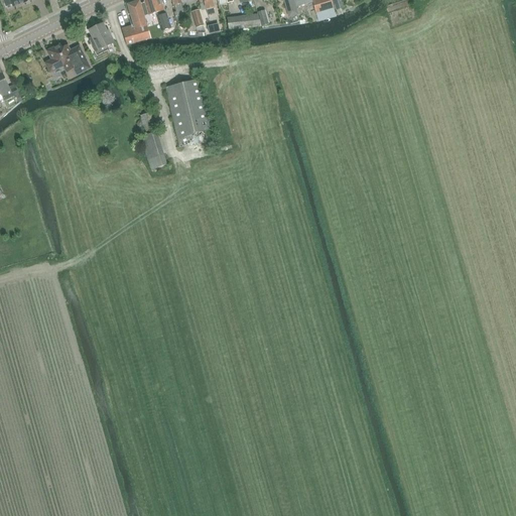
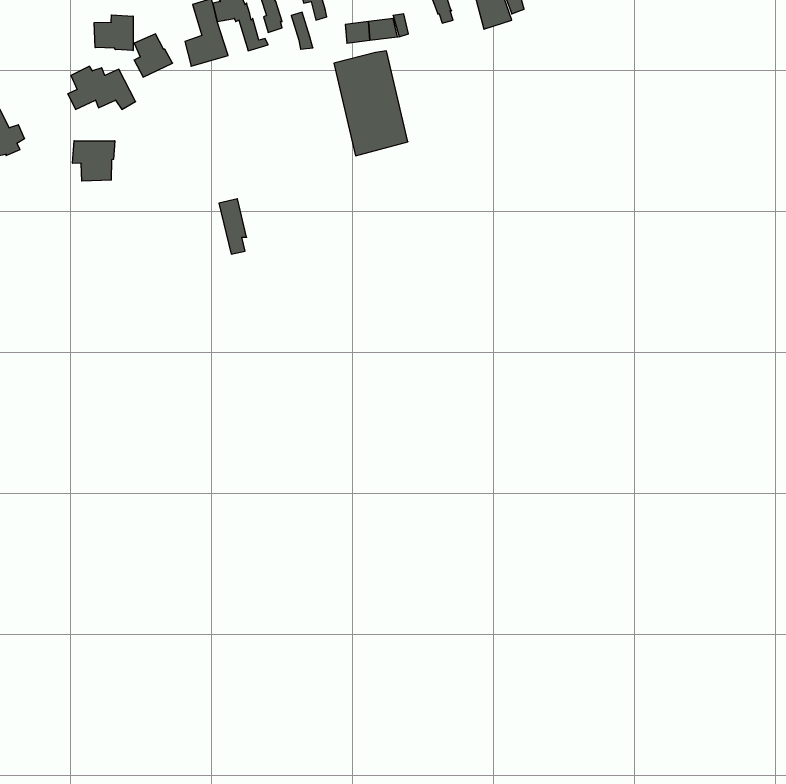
building: none -> [94,15,133,51]
building: [164,78,213,146] -> [334,51,408,156]
building: none -> [73,141,115,181]

